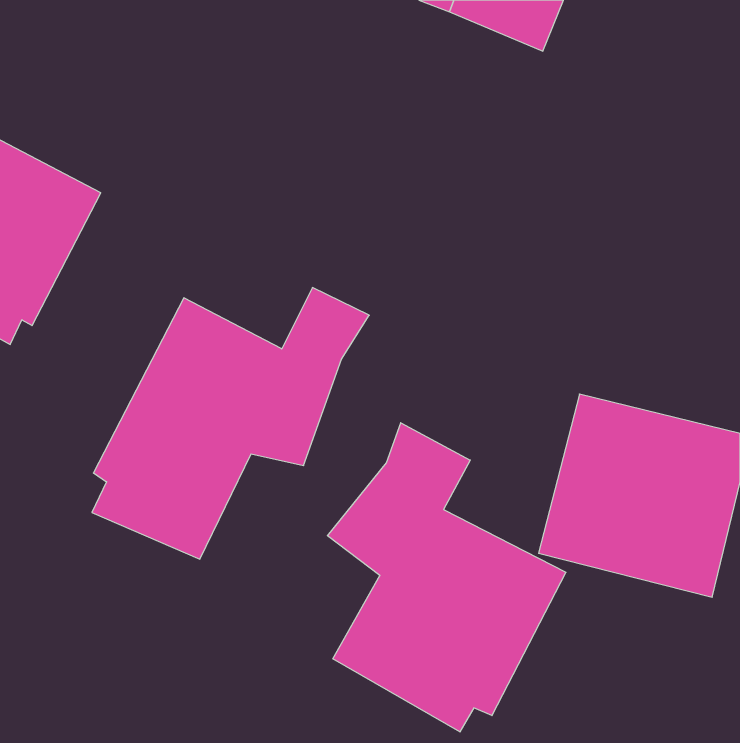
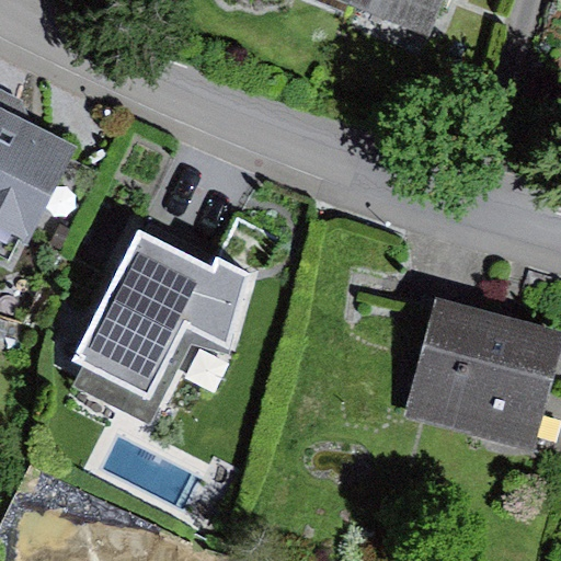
building: [327,423,566,732] -> none

